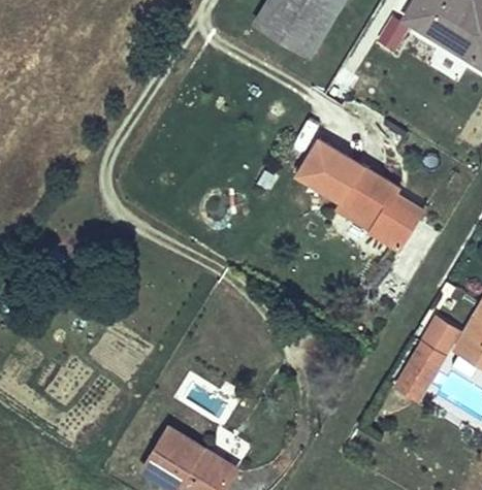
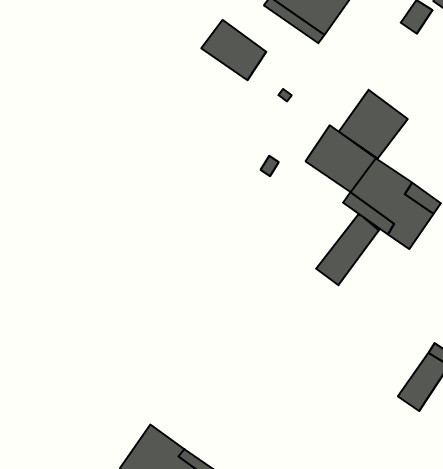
building: none -> [201,20,266,80]
building: none -> [339,90,408,159]
building: none -> [316,214,379,285]

